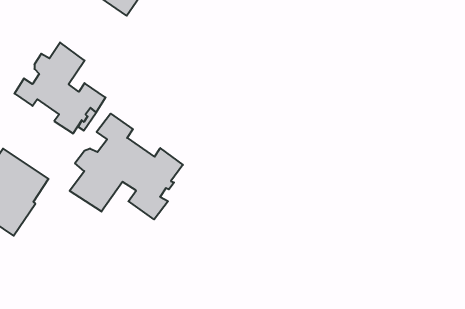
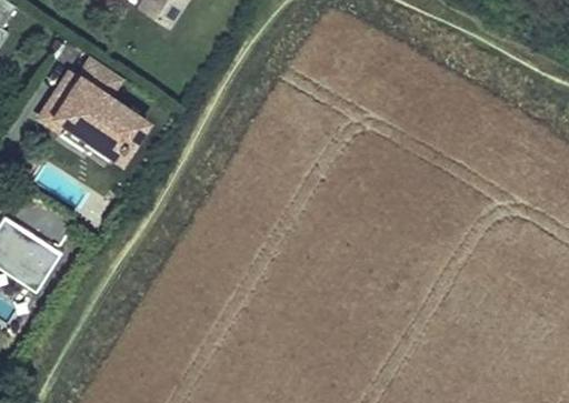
building: [70,114,183,219] -> none

